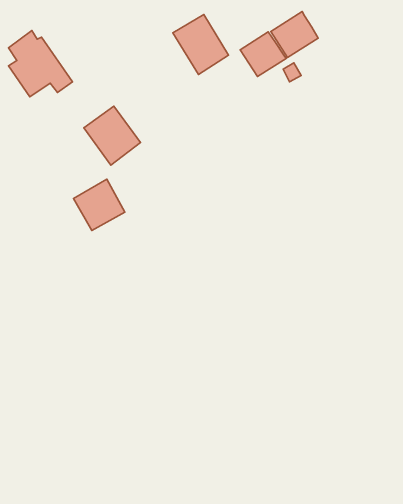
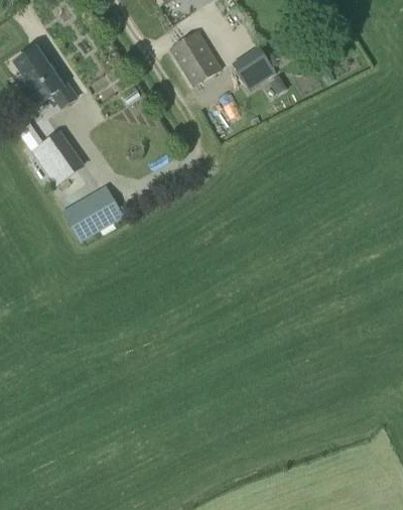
building: [271,11,318,58] -> none
building: [84,106,141,165] -> [30,130,84,185]

